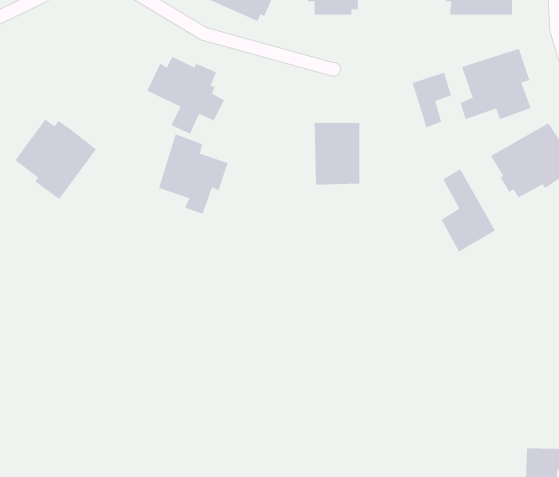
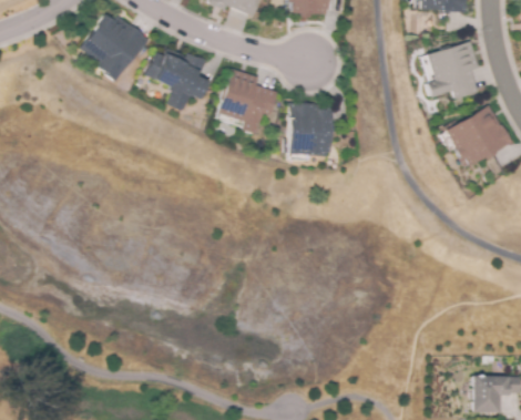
building: [412,72,452,128] -> none
building: [14,119,97,200] -> [86,13,155,81]
building: [158,134,228,215] -> [223,66,282,134]
building: [441,168,496,252] -> none

